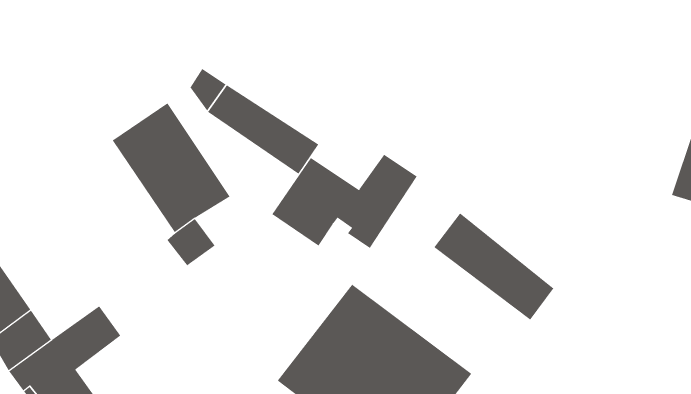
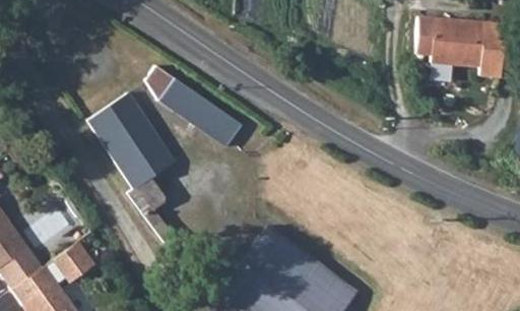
building: none -> [410,19,499,79]
building: [272,154,417,249] -> none
building: [433,212,554,321] -> none

